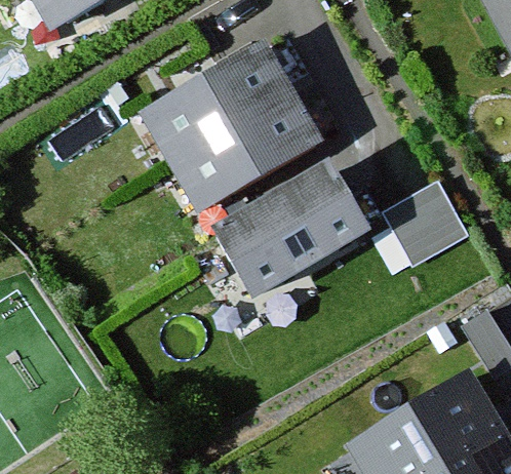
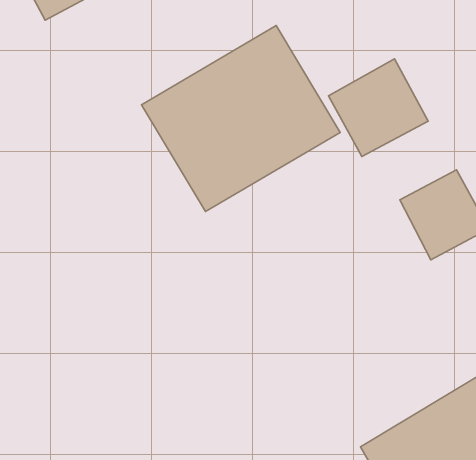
building: none -> [329,59,428,157]
building: [209,160,374,300] -> none

